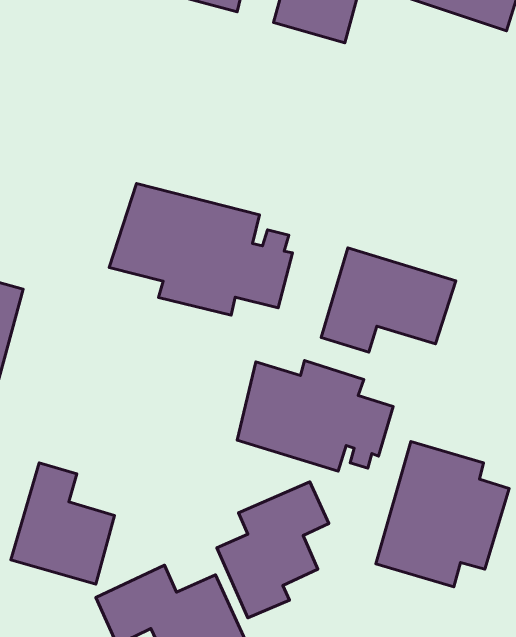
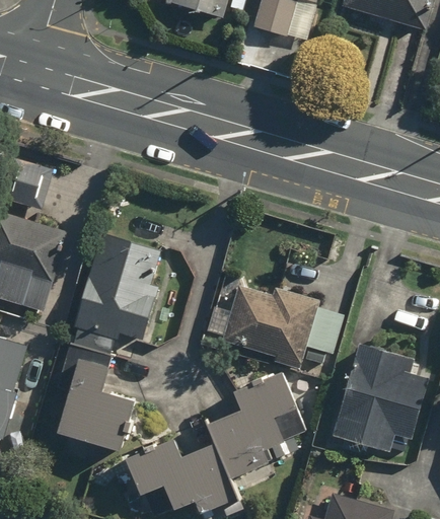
building: [109,184,293,315] -> none
building: [321,248,456,352] -> none
building: none -> [73,234,160,355]

